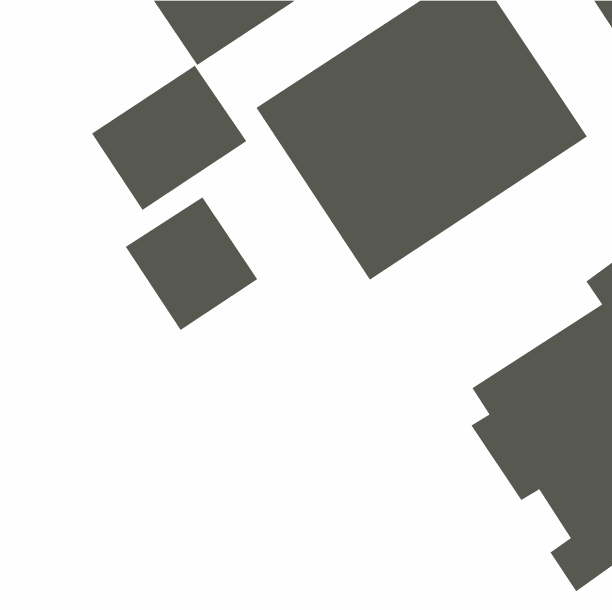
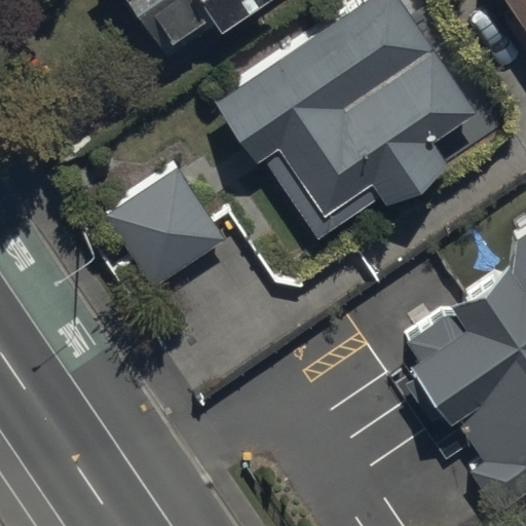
building: [91,65,247,211] -> none

